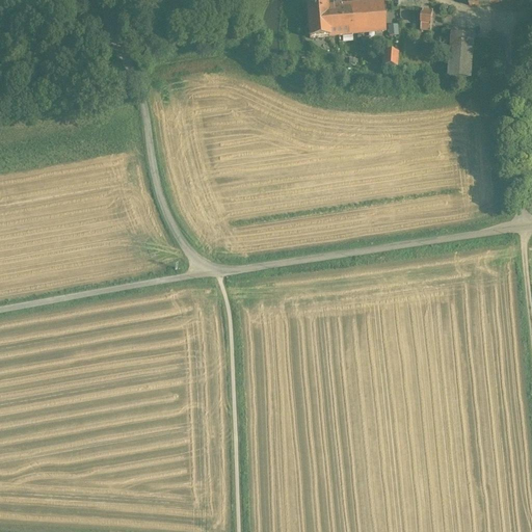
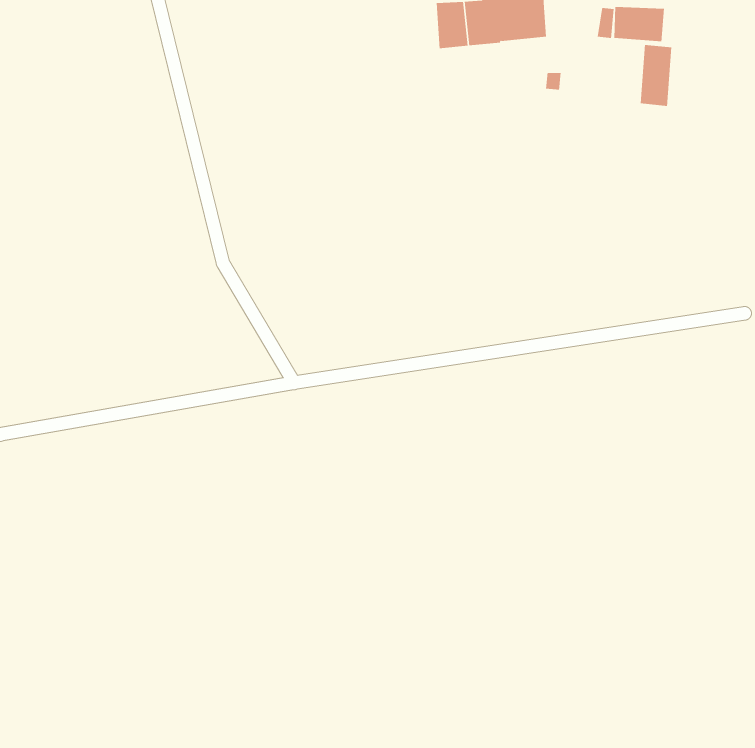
building: none -> [614,6,664,42]

